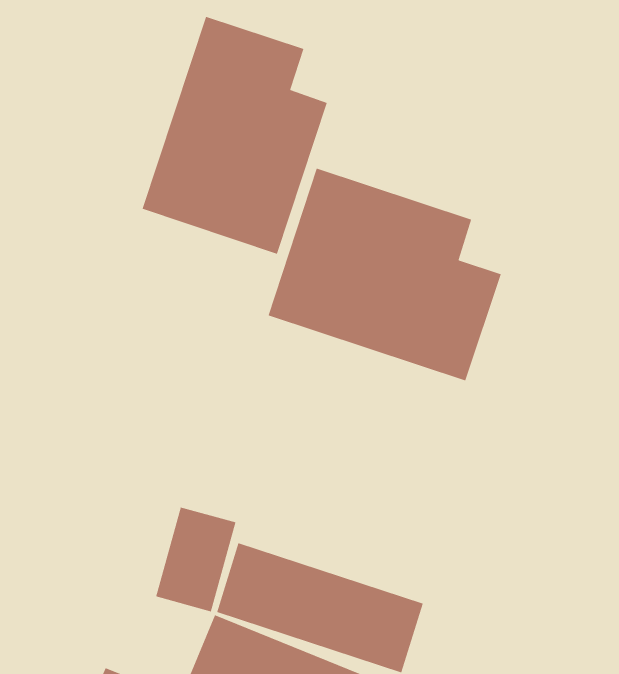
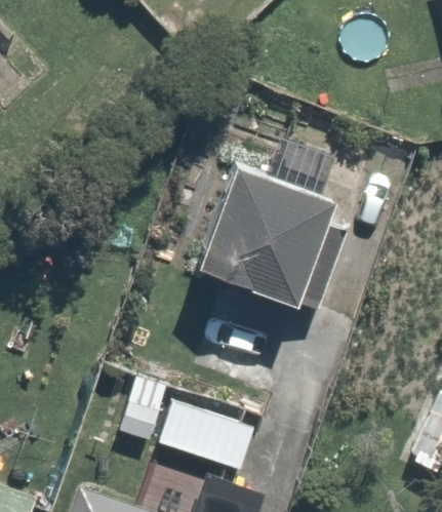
building: [141,16,328,255] -> none

